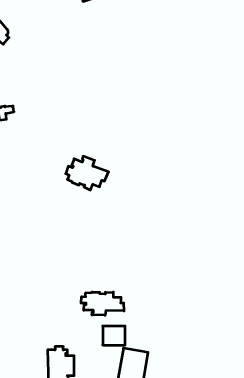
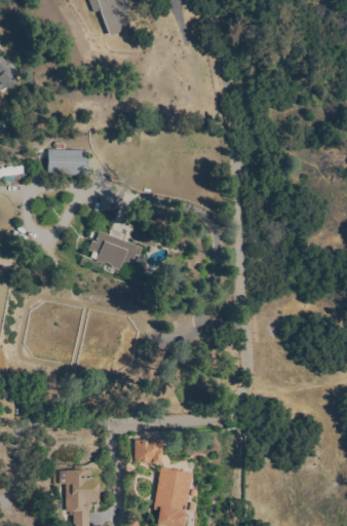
building: none -> [48,149,88,176]
building: [81,292,124,315] -> none

